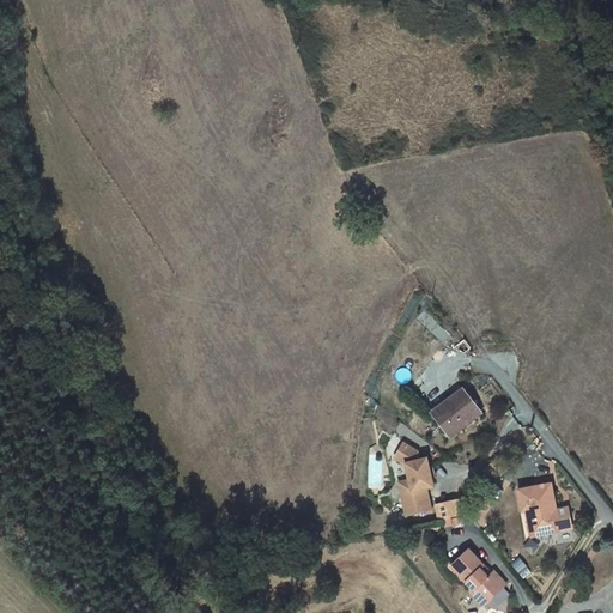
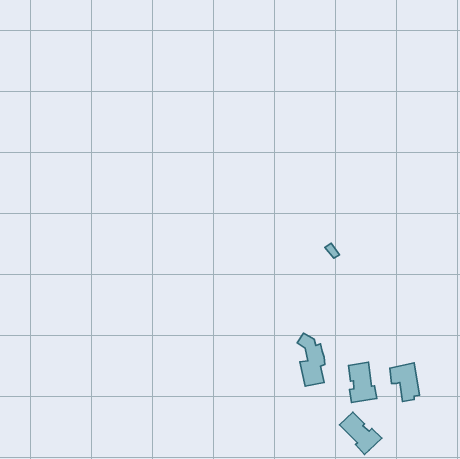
building: [431,387,481,436] -> none
building: none -> [348,362,377,403]

